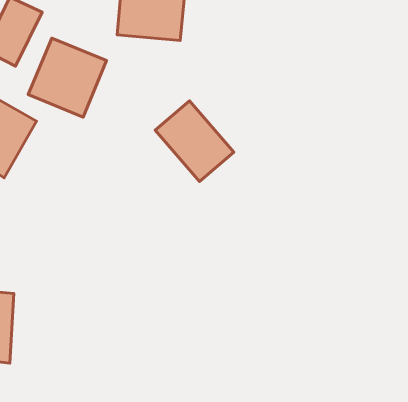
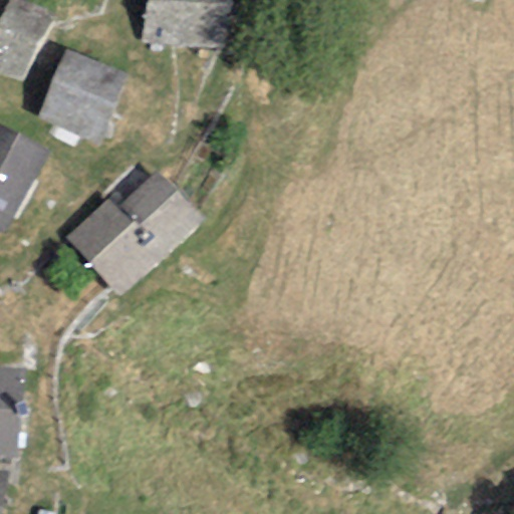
building: [155,101,234,182] -> none
building: none -> [60,167,202,295]

